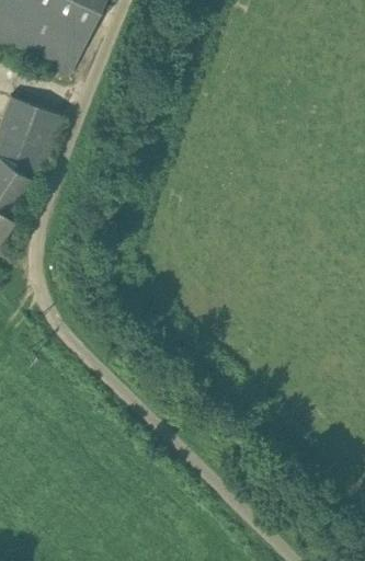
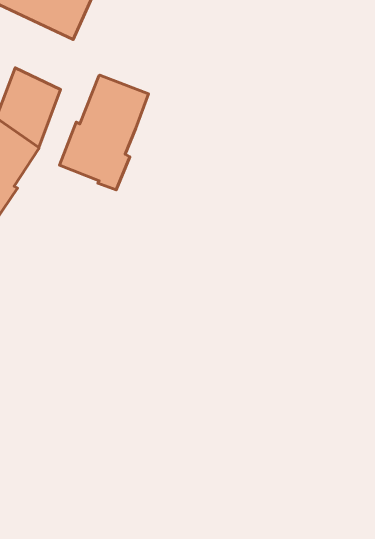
building: none -> [60,75,149,190]

